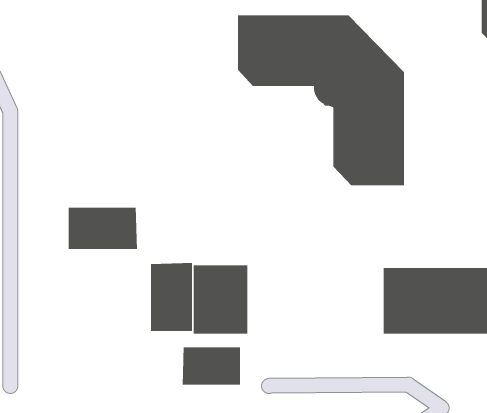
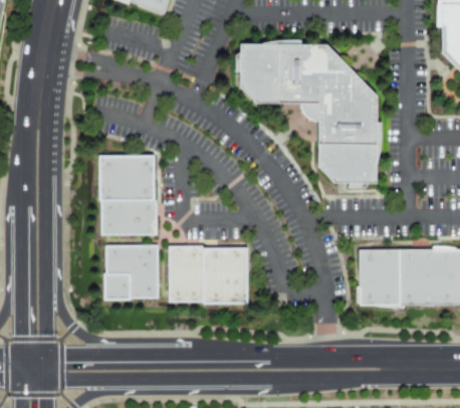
building: none -> [98,155,156,200]
building: none -> [106,245,159,297]
building: [182,347,241,385] -> none

